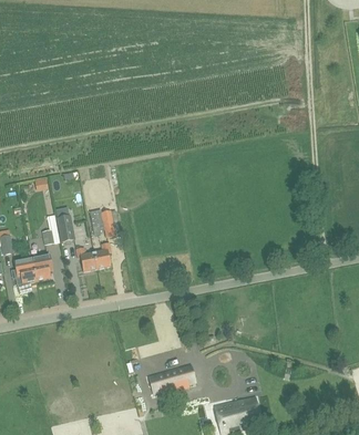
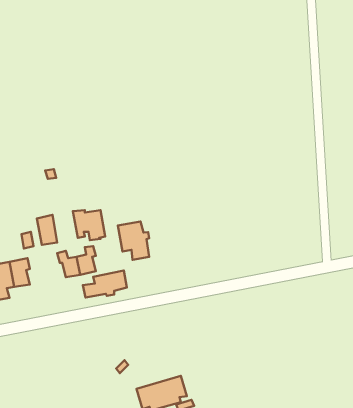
building: none -> [118,222,149,260]
building: none -> [83,271,127,298]

